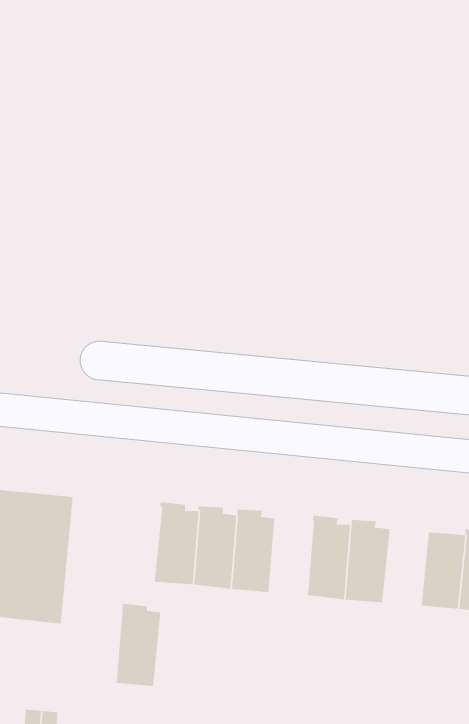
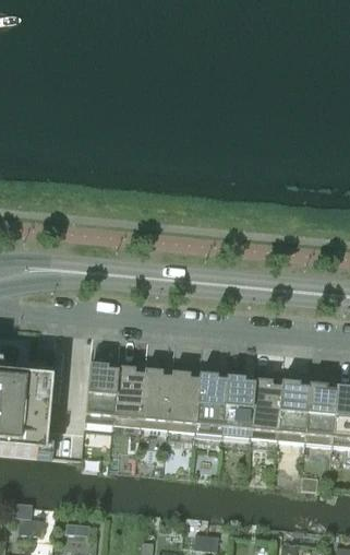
building: none -> [195,374,227,434]
building: none -> [277,381,310,441]
building: [116,603,161,686] -> [85,364,118,424]

